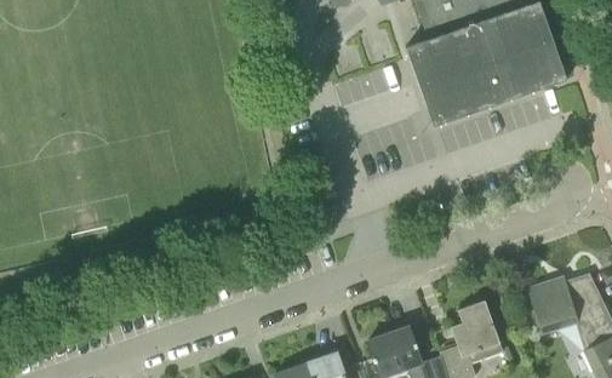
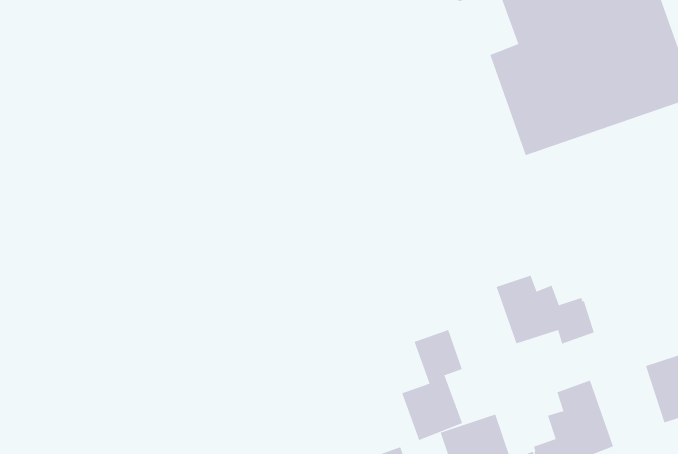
building: none -> [496,275,595,345]
building: none -> [401,329,463,441]

